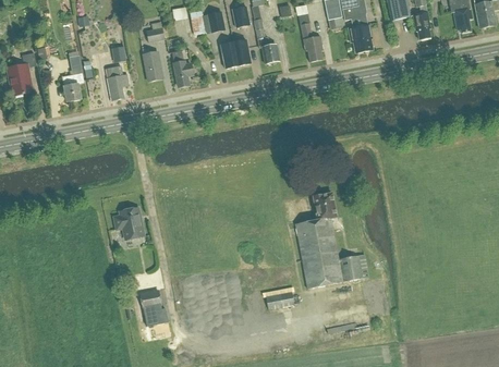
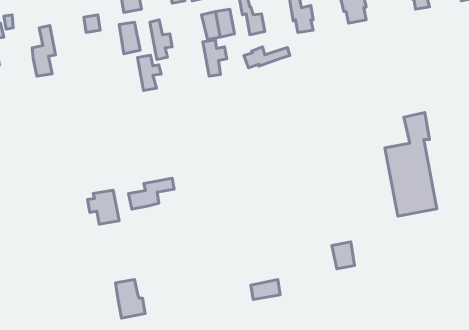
building: [107,65,129,98] -> [138,55,161,91]
building: none -> [203,40,227,76]
building: none -> [244,47,290,68]
building: [295,192,343,288] -> [385,113,437,216]
building: none -> [129,178,174,209]

